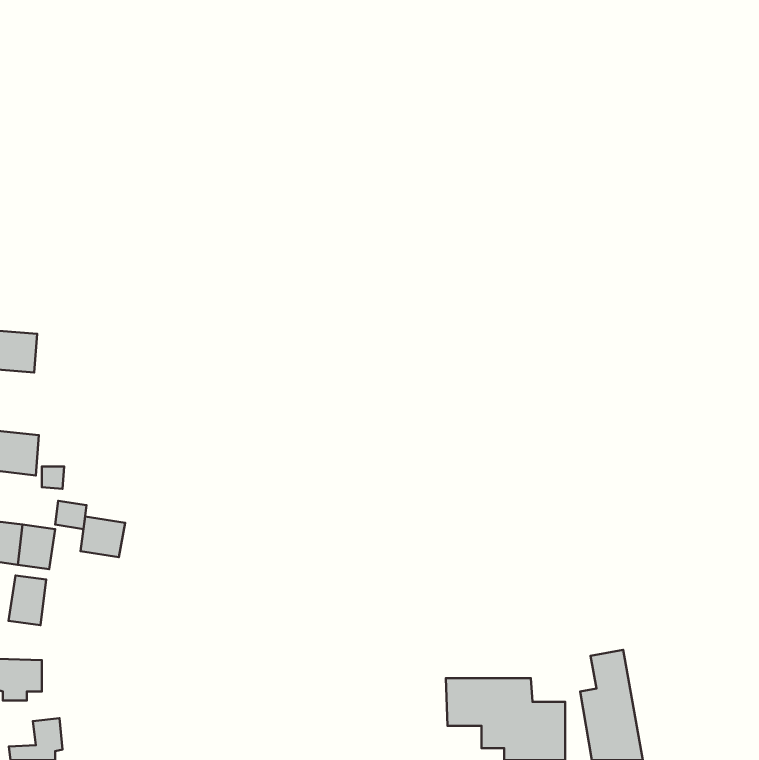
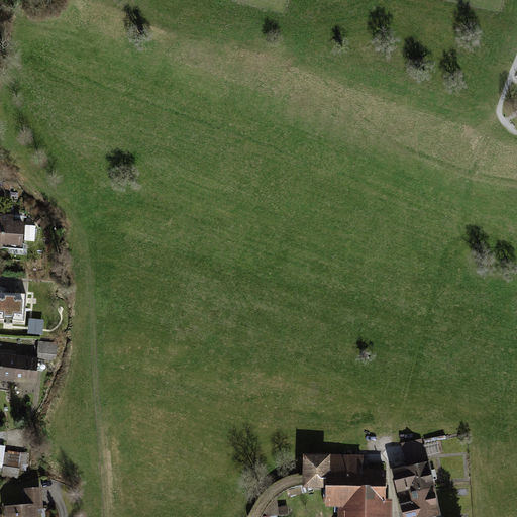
building: [80,517,125,557] -> none
building: [8,576,46,625] -> none

